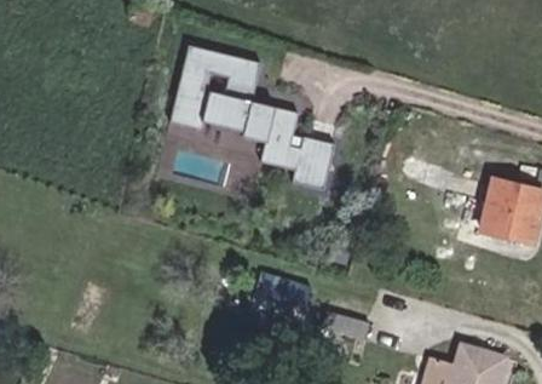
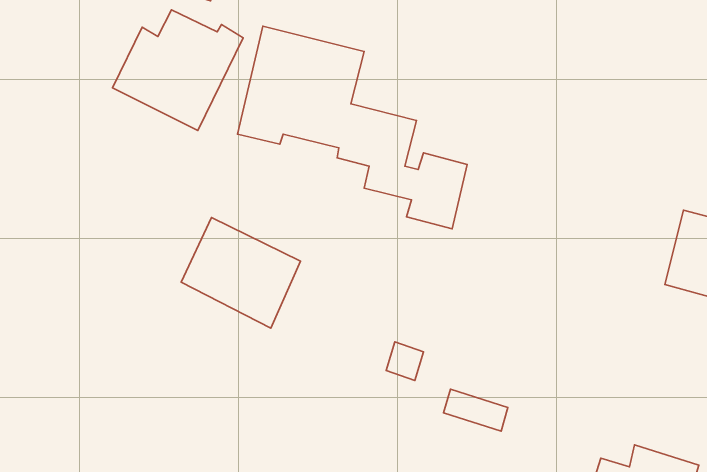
building: none -> [113,10,243,130]
building: none -> [181,218,301,328]

